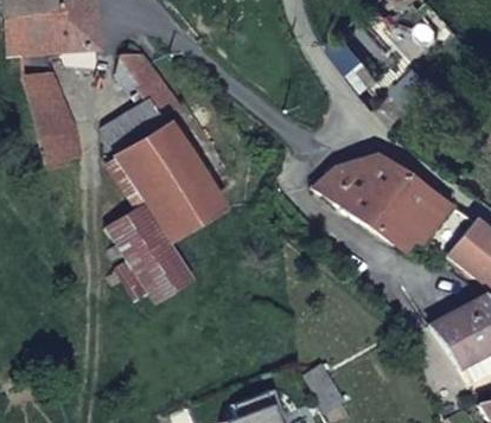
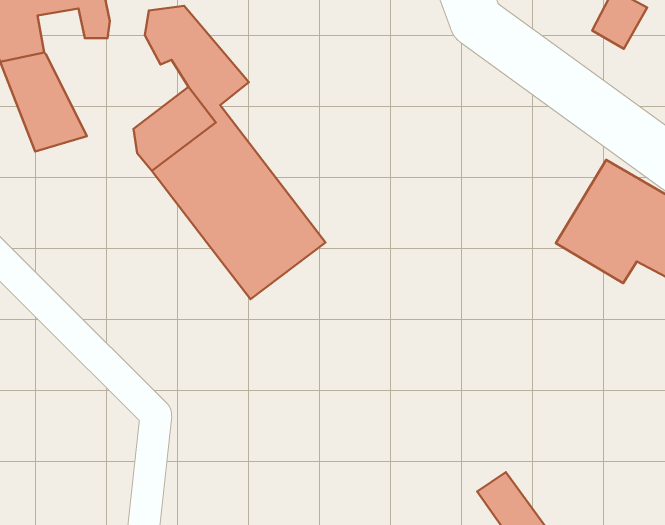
building: [43,128,85,167] -> none
building: [318,153,401,219] -> none
building: [108,201,191,300] -> none

